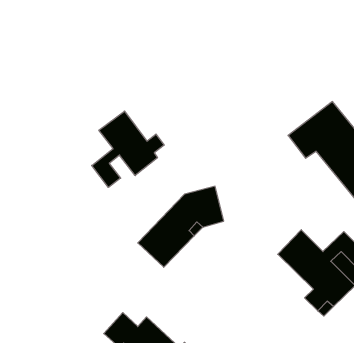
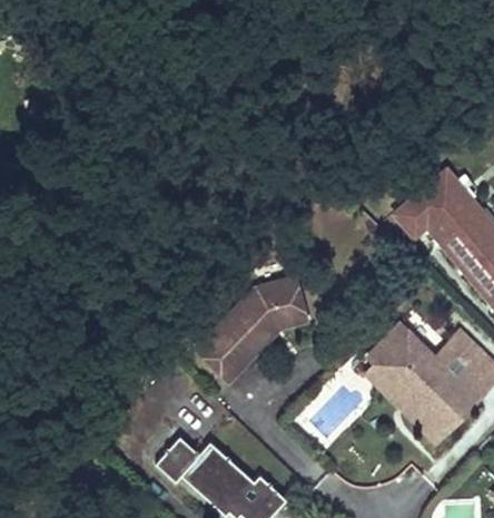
building: [92,111,164,187] -> none
building: none -> [358,322,424,418]

